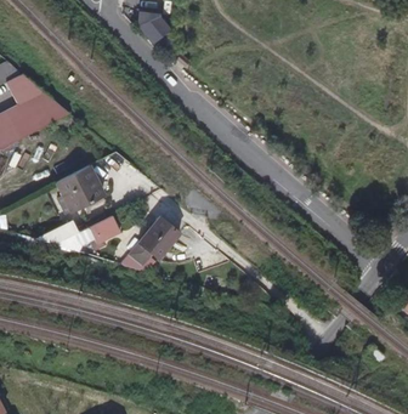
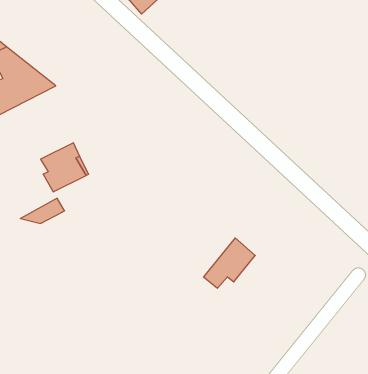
building: [56,215,120,251] -> none
building: [129,216,178,265] -> [204,238,255,288]

